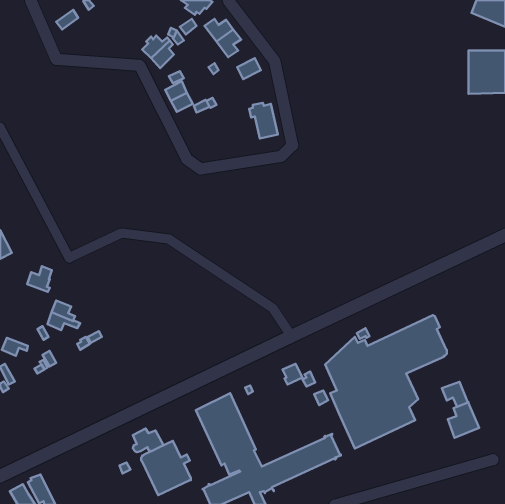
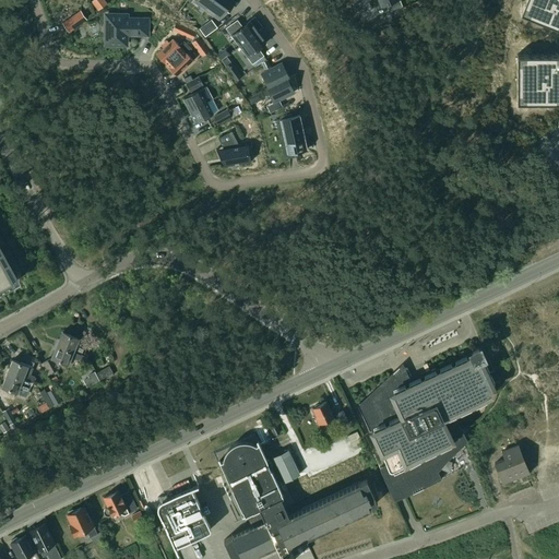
building: none -> [106,16,147,46]
building: none -> [266,80,294,114]
building: none -> [218,132,250,167]
building: [27,266,52,292] -> [8,355,35,383]
building: [442,382,468,407] -> none
building: none -> [273,451,299,483]
building: [133,428,163,452] -> [104,491,138,518]
building: none -> [67,509,104,544]

